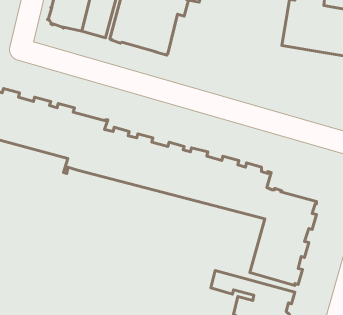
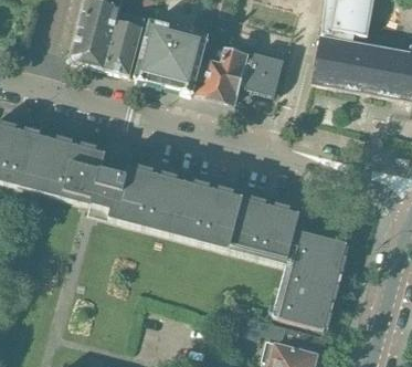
building: none -> [199,48,284,103]

